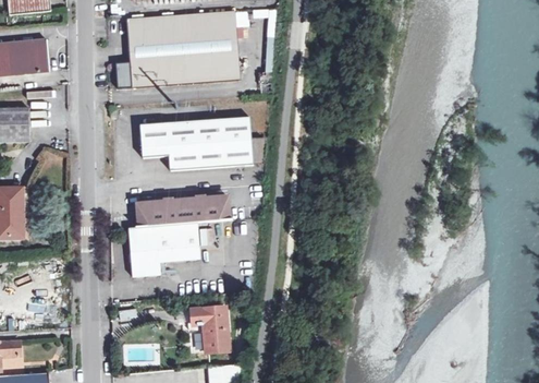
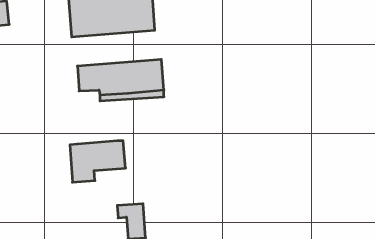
building: [137,196,230,227] -> none

